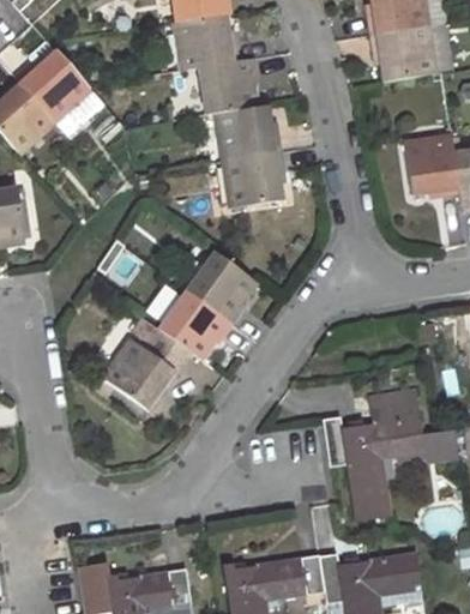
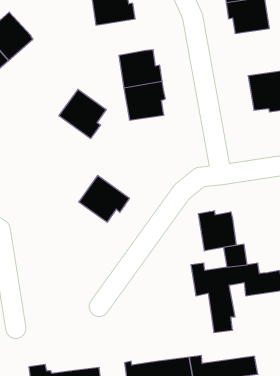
building: [198,58,259,115] -> none
building: [185,252,254,324] -> [59,89,106,138]
building: [102,329,192,410] -> none
building: none -> [198,211,236,251]

